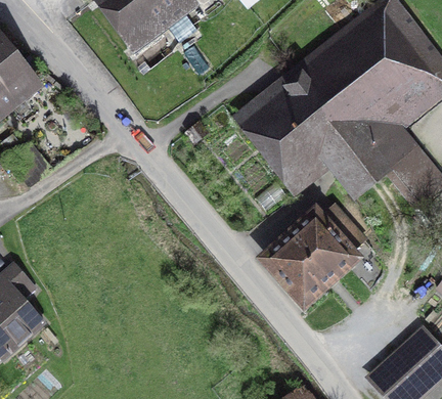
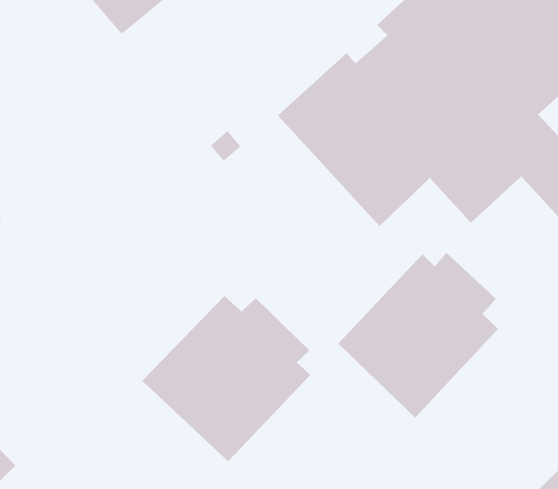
building: none -> [142,295,311,462]

